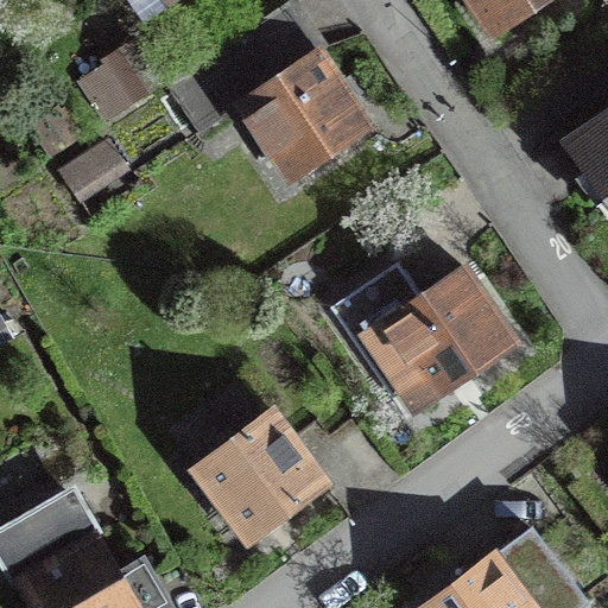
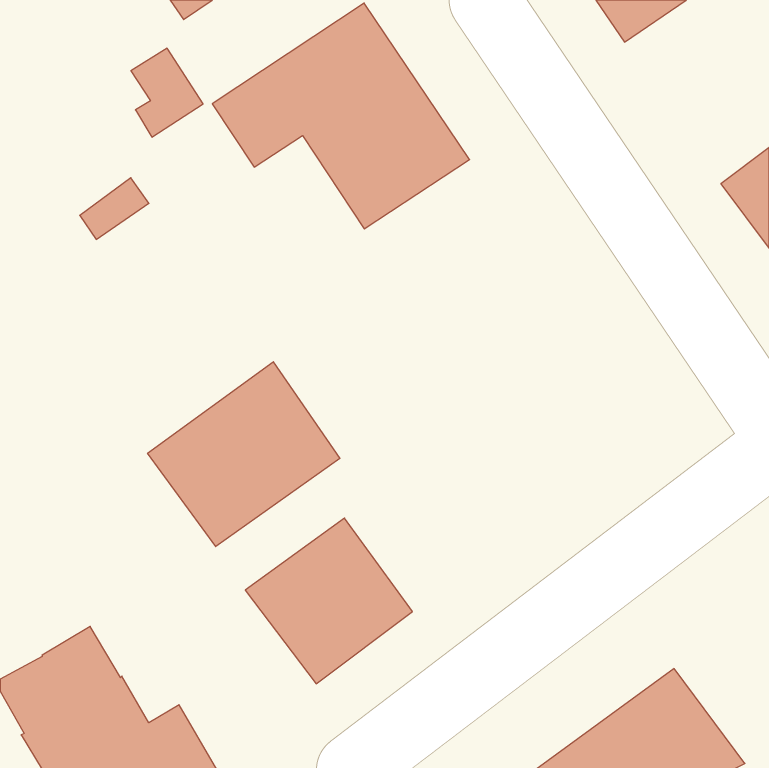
building: [331,264,513,416] -> none
building: none -> [148,362,340,547]

